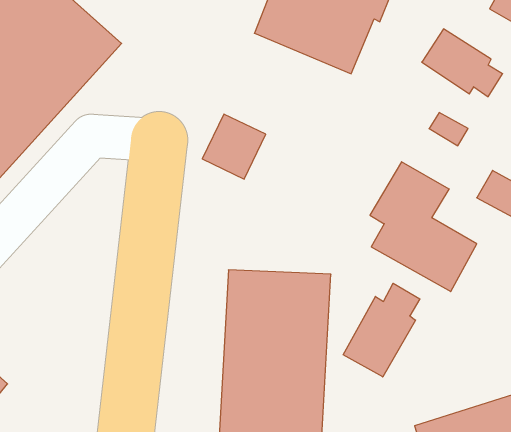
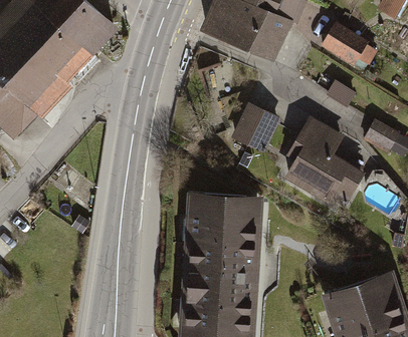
building: [202,114,266,179] -> [234,105,278,150]
building: [343,283,420,377] -> none

